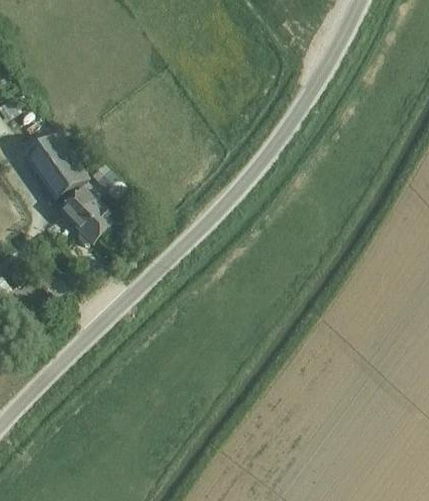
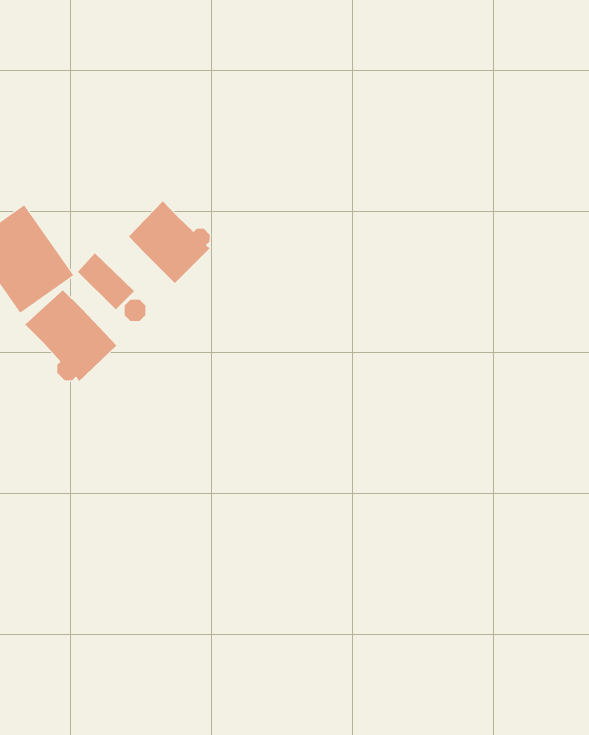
building: none -> [128,201,211,284]

